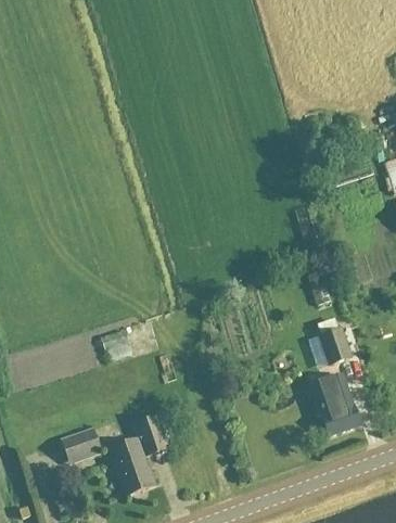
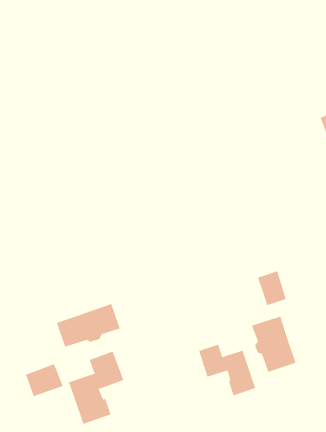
building: none -> [56,303,121,348]
building: none -> [199,344,256,396]

